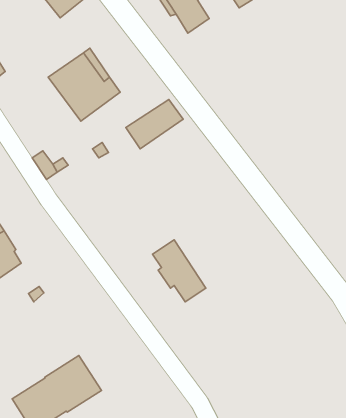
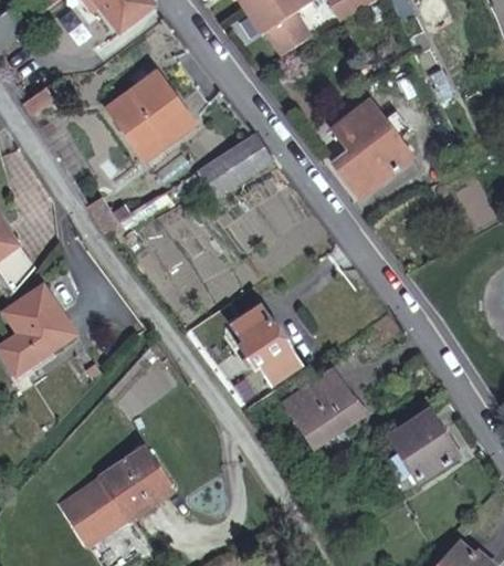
building: none -> [333,101,411,197]
building: none -> [285,370,360,444]
building: none -> [388,410,456,481]

